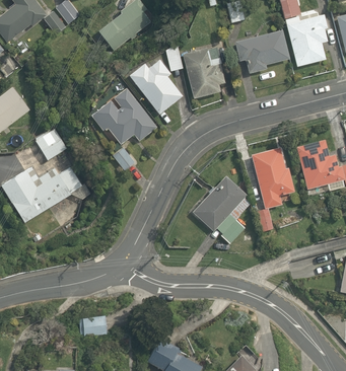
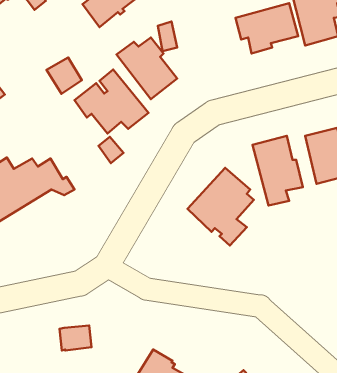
building: [182,47,225,97] -> none
building: [34,128,66,160] -> [47,57,82,94]

